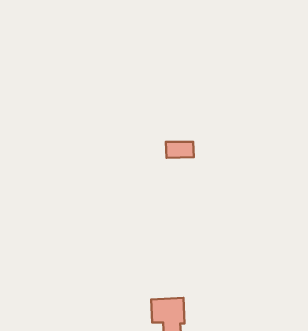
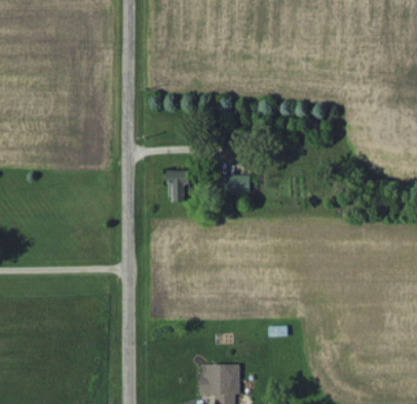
building: none -> [167,170,189,201]

